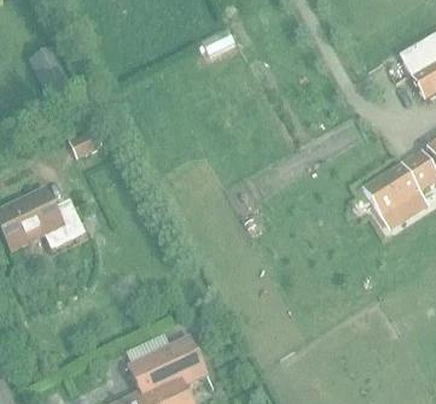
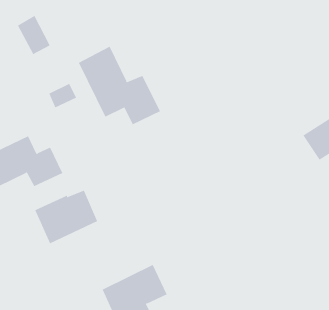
building: none -> [78,46,161,125]
building: none -> [35,190,98,244]

